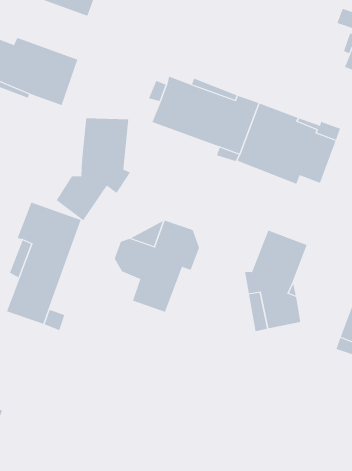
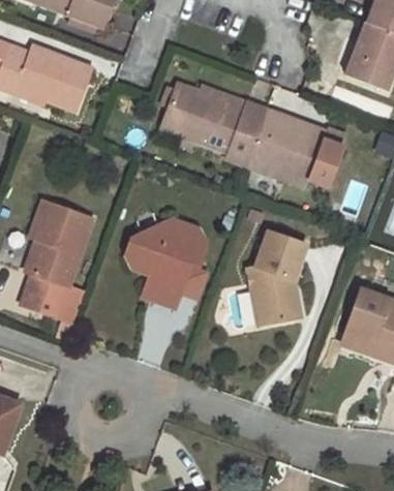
building: [56,117,131,221] -> none

